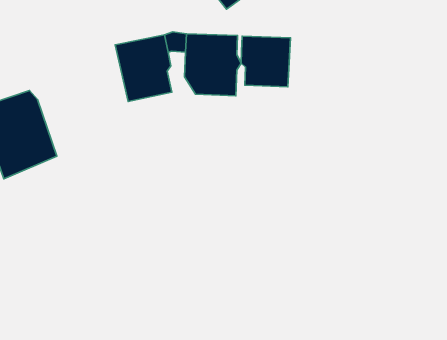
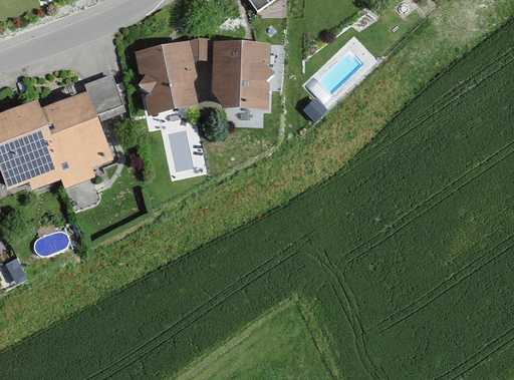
building: [241,36,291,87] -> none
building: none -> [48,70,126,173]

